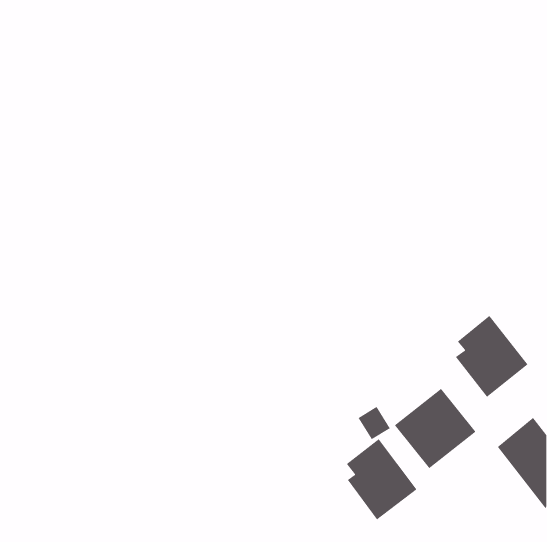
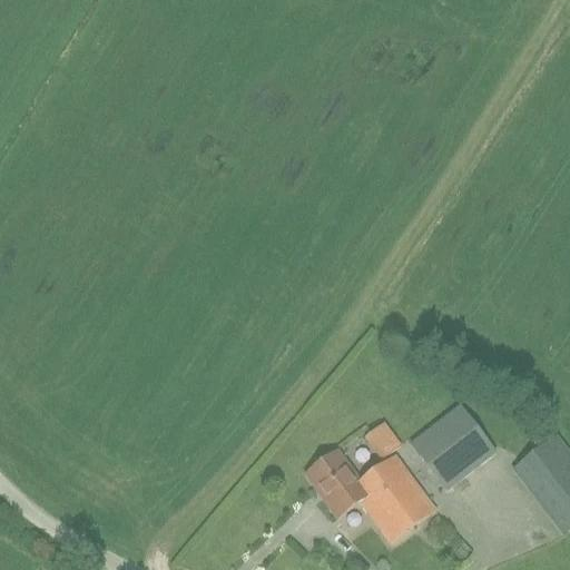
building: [455,315,528,398] -> none
building: none -> [306,451,368,515]

